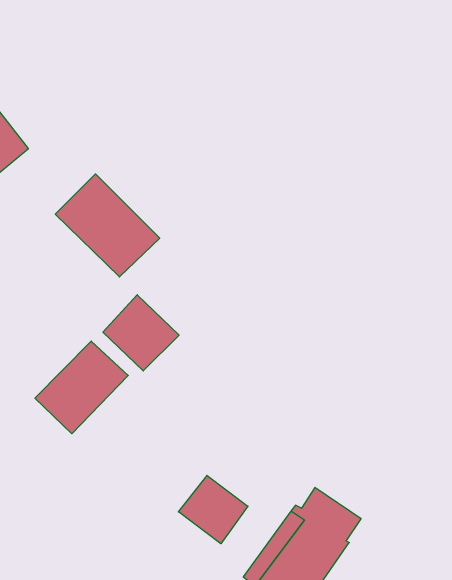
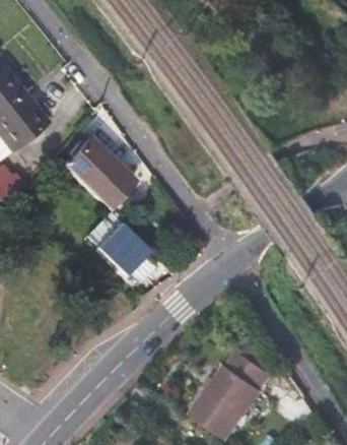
building: [35,341,128,434] -> none
building: [178,475,248,544] -> none

